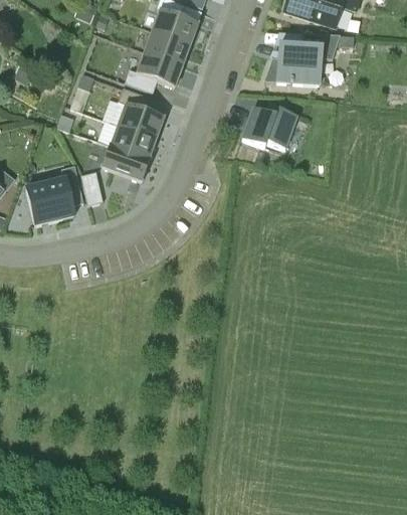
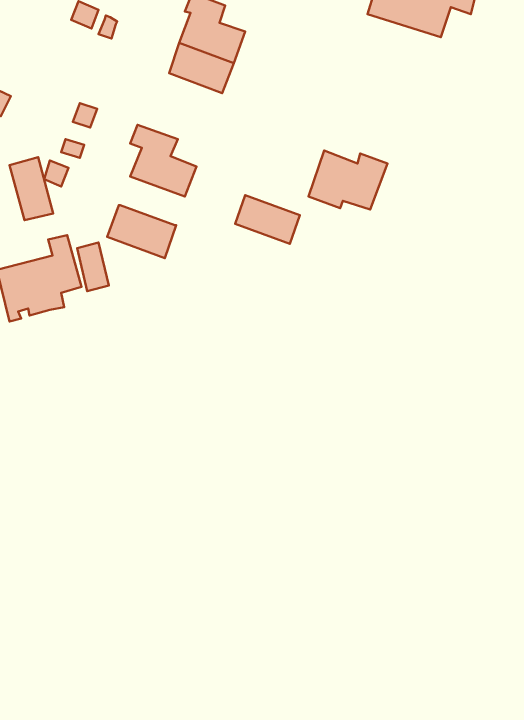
building: [262,32,344,83] -> none
building: [125,51,182,93] -> none
building: none -> [9,157,53,220]
building: [111,124,156,158] -> [235,195,300,244]

